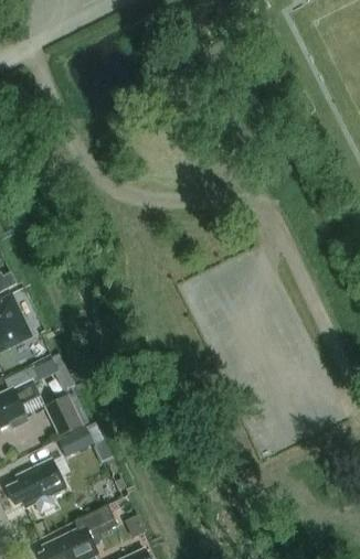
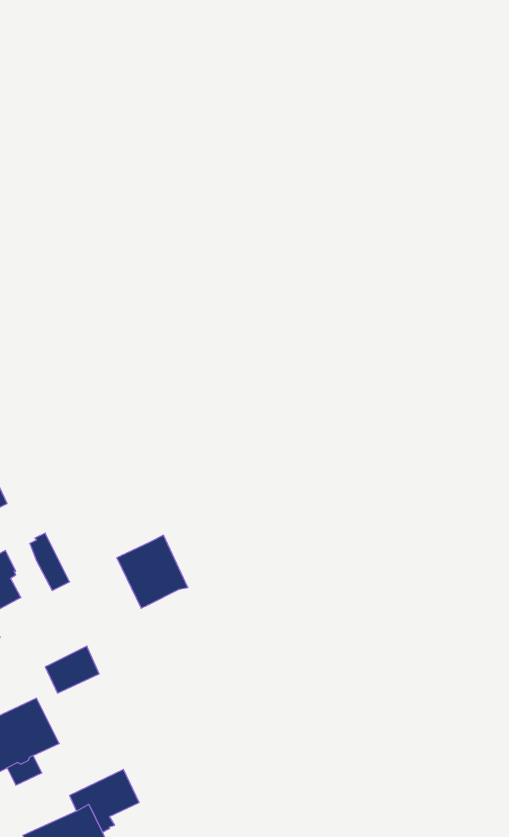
building: [44,391,89,438] -> [117,535,188,608]

